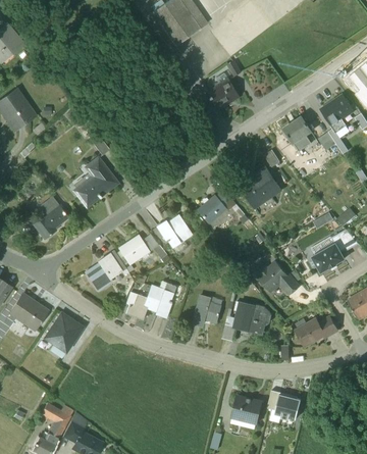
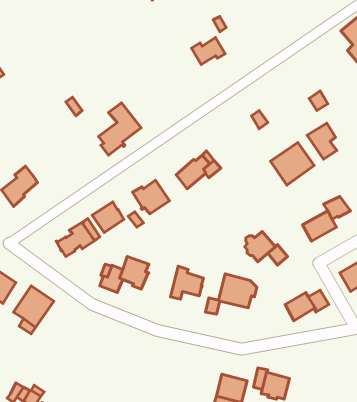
building: [322,94,355,131] -> none
building: [285,116,313,150] -> [307,123,337,159]
building: [75,157,115,206] -> [99,103,141,155]
building: [242,167,282,207] -> [271,143,314,185]

